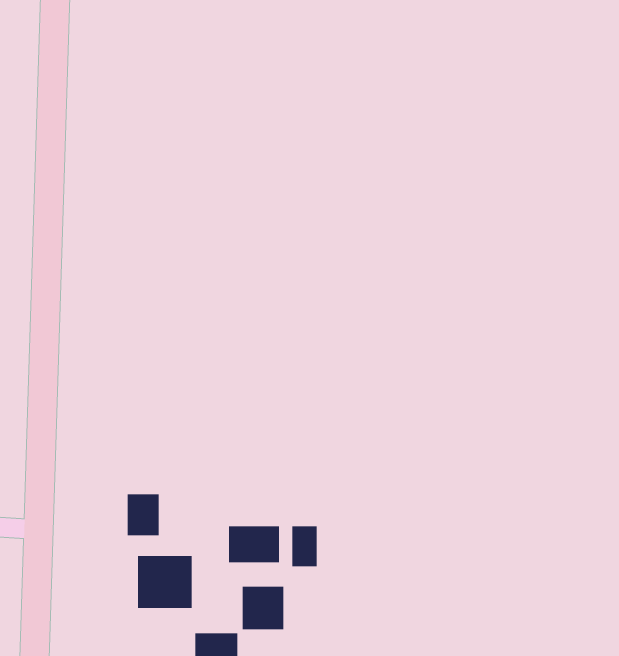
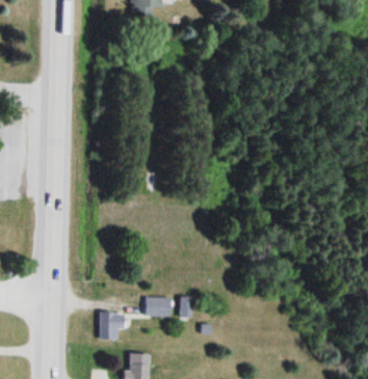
building: [127,494,160,536] -> none
building: [242,586,284,630] -> none

